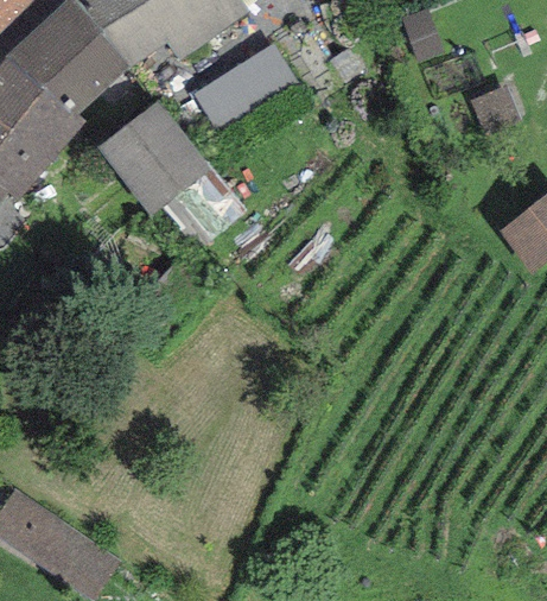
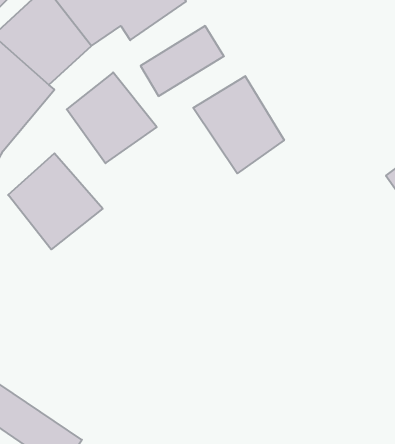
building: none -> [193,76,284,173]
building: none -> [8,153,103,249]

